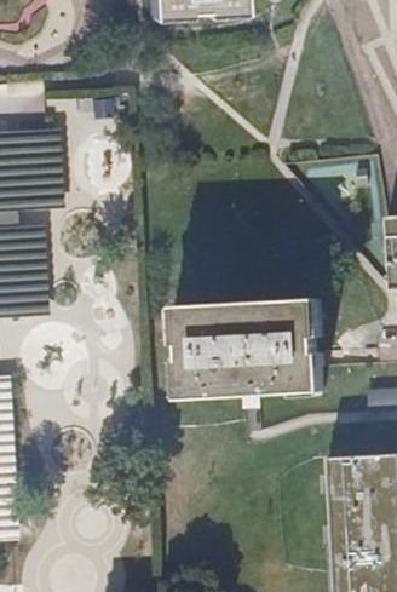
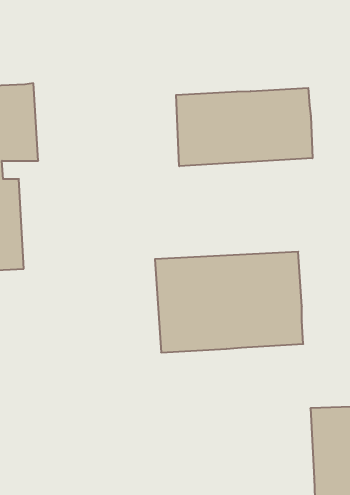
building: none -> [176,88,312,166]

